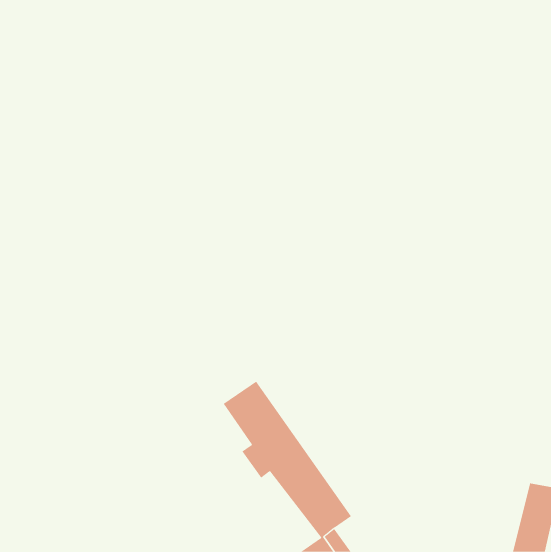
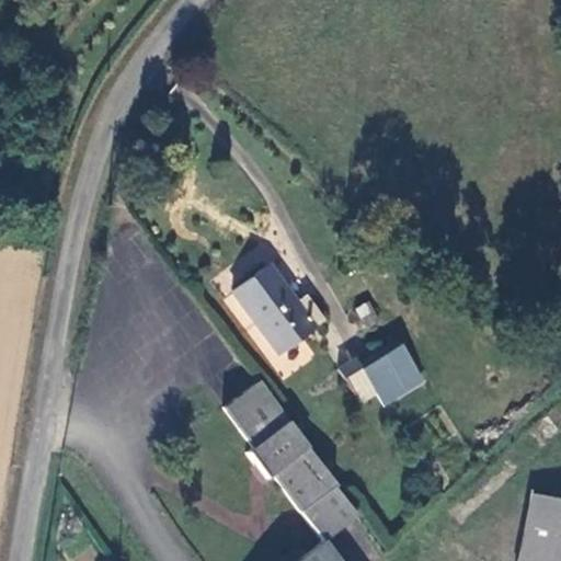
building: none -> [239,266,328,351]
building: none -> [360,342,421,404]

